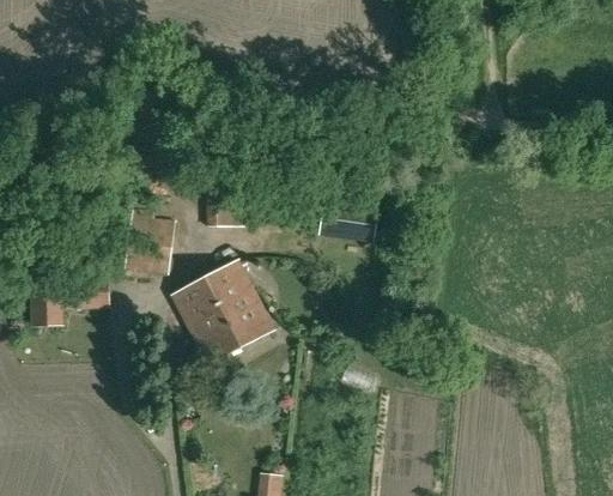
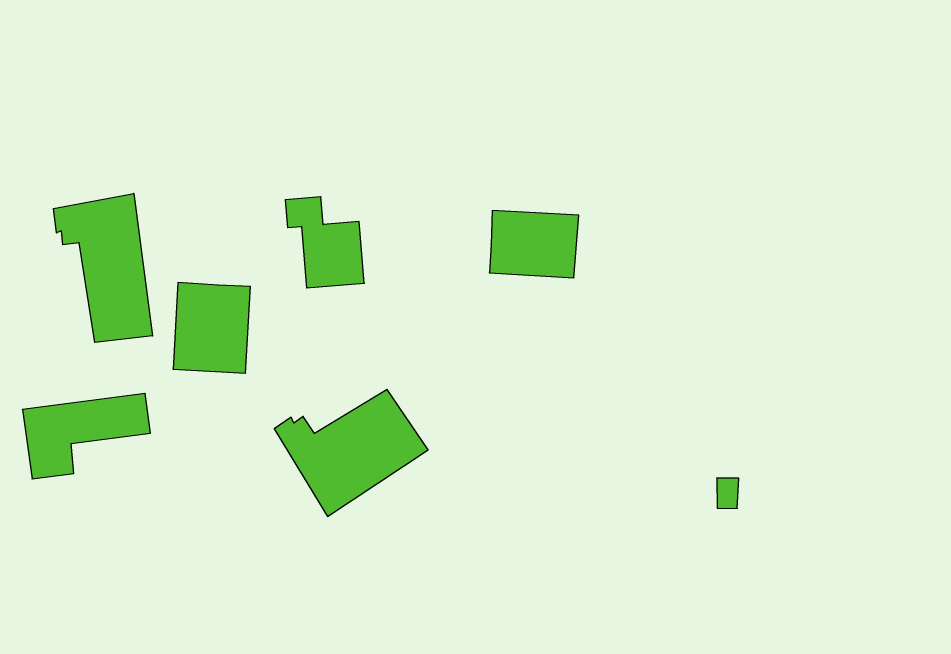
building: none -> [54,193,153,342]
building: [174,262,250,314] -> none

